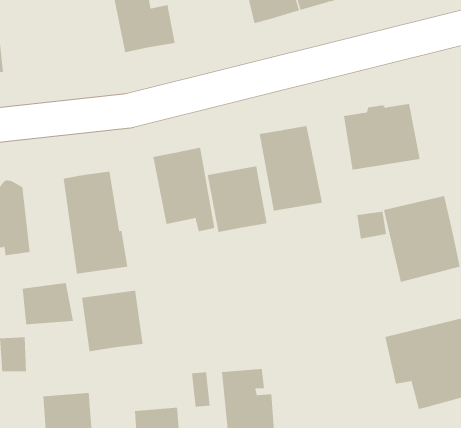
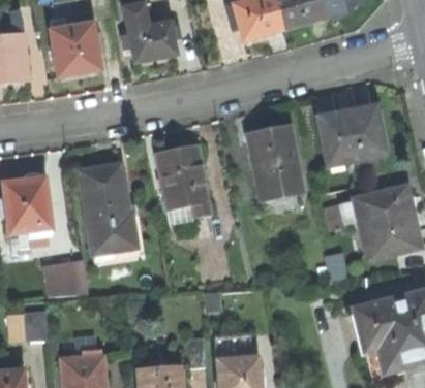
building: none -> [52,24,99,75]
building: [207,165,267,233] -> none
building: [82,290,143,352] -> none

